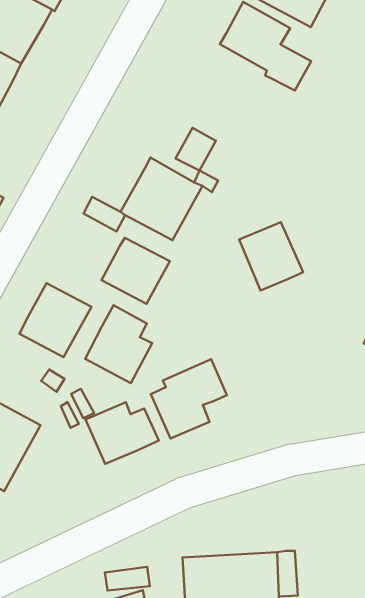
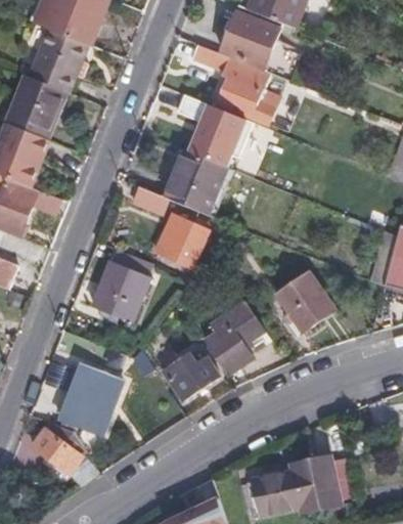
building: none -> [192,47,278,124]
building: [239,222,303,290] -> [277,274,332,332]
building: [85,305,152,383] -> none

